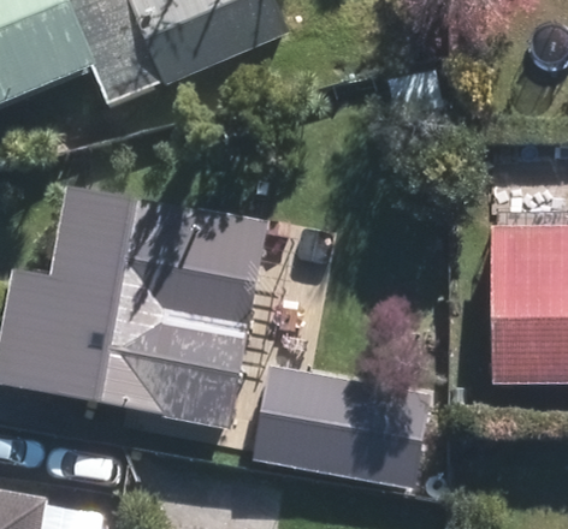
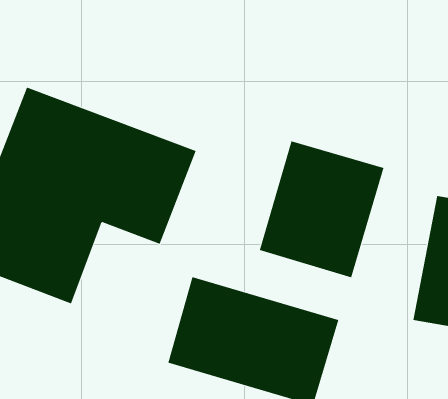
building: none -> [259,141,384,278]

